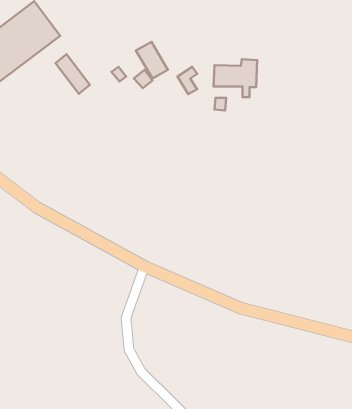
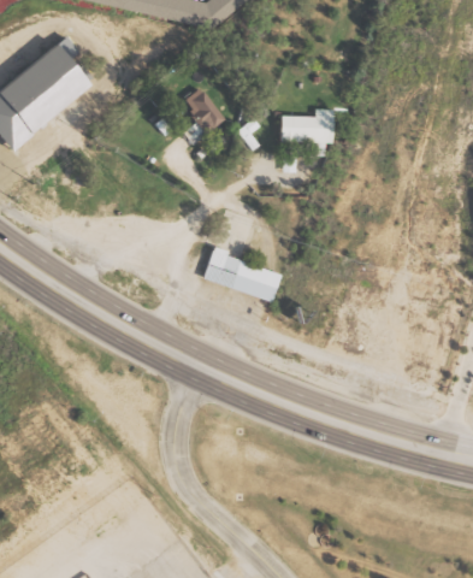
building: [55,54,90,94] -> none
building: none -> [200,252,280,305]

